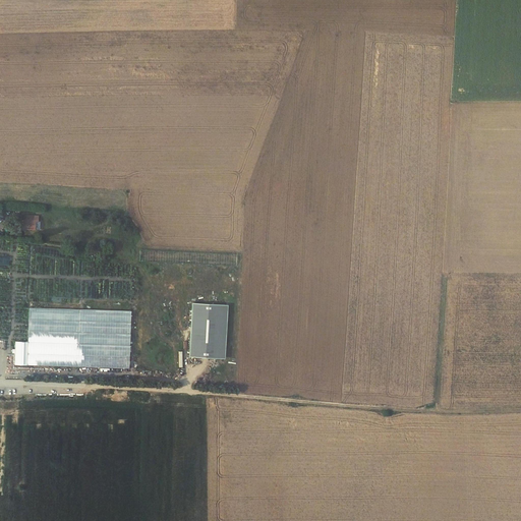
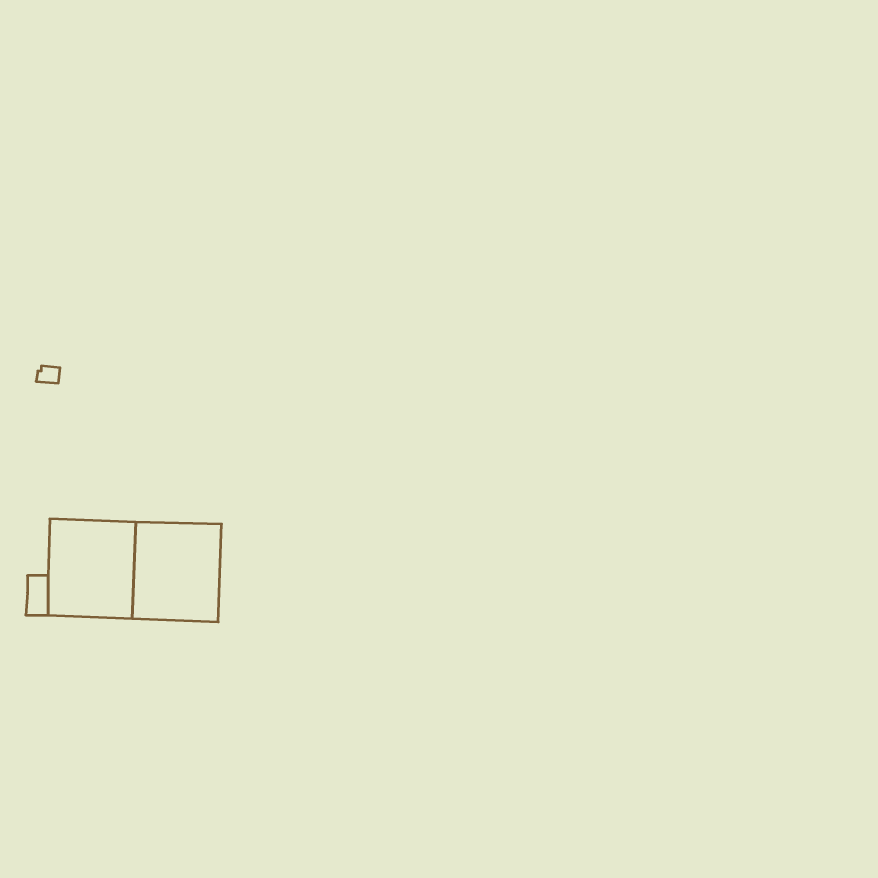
building: [190,303,228,358] -> none

